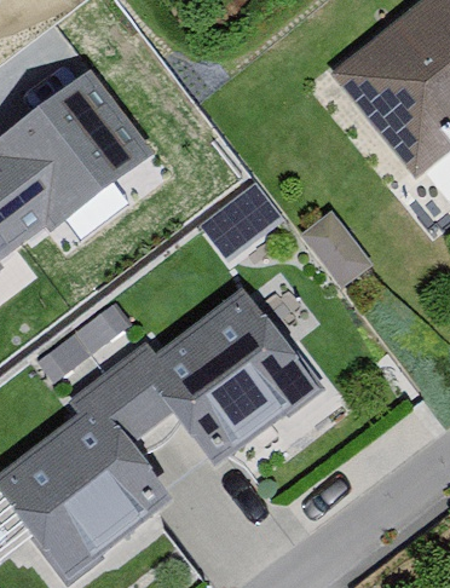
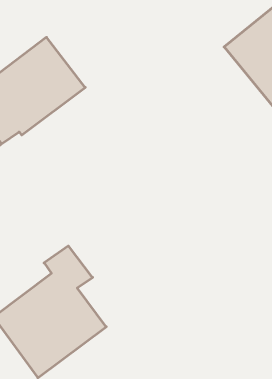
building: [114,298,317,461] -> none

